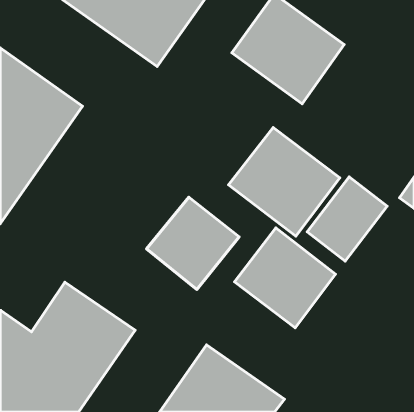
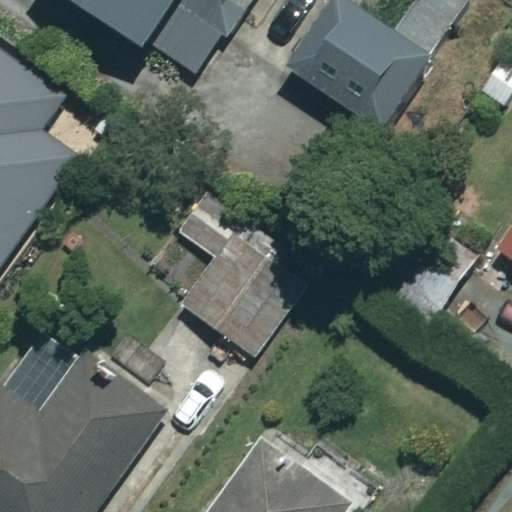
building: [229,127,340,236] -> none
building: [235,228,335,328] -> none

